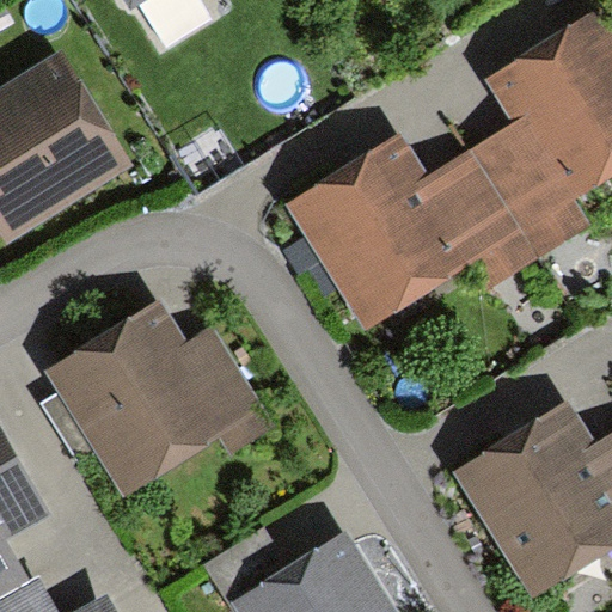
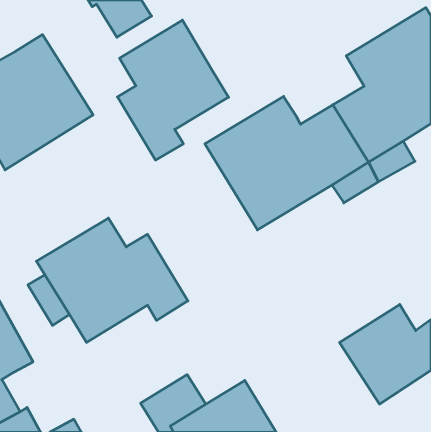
building: none -> [117,20,229,160]

